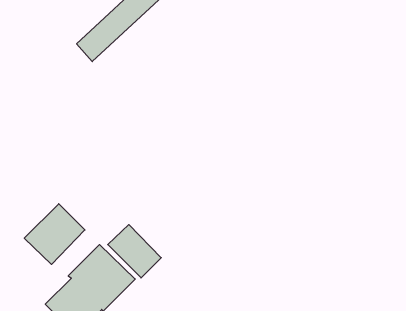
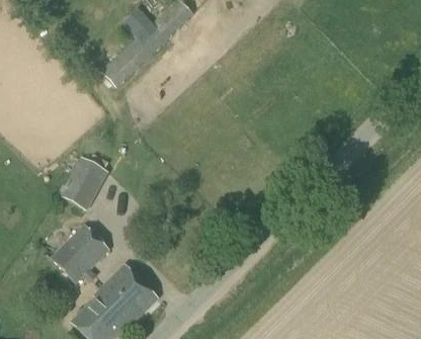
building: none -> [60,155,110,209]
building: [108,225,161,278] -> none

